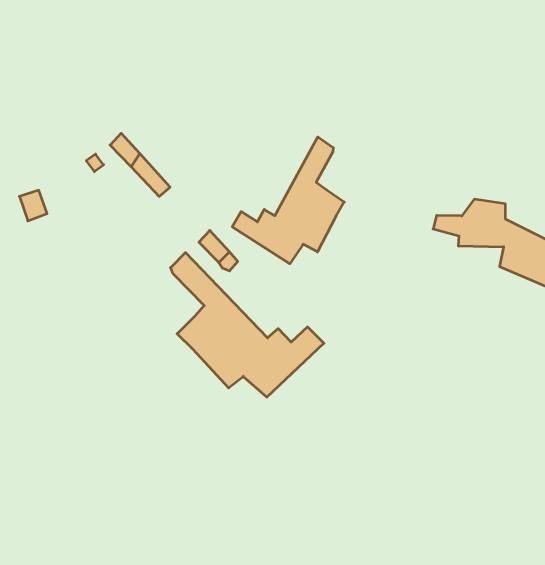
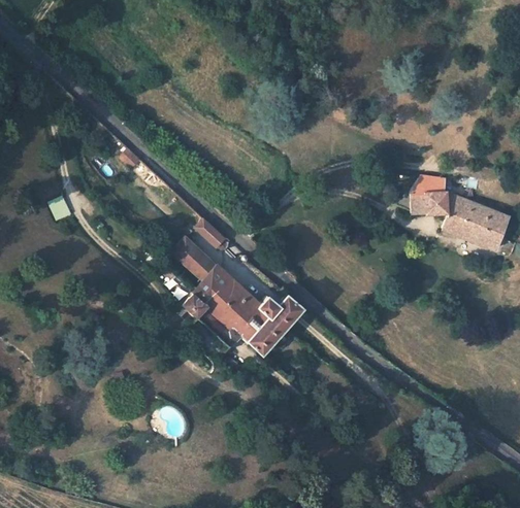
building: [232,137,344,264] -> none

